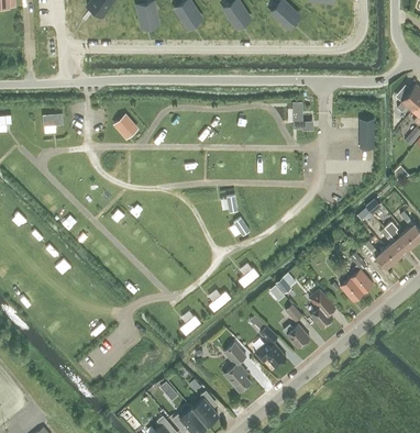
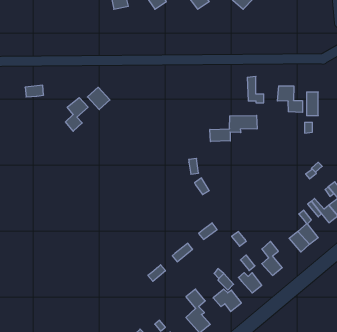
building: none -> [277,86,302,112]
building: none -> [65,98,88,131]
building: none -> [210,115,257,142]

